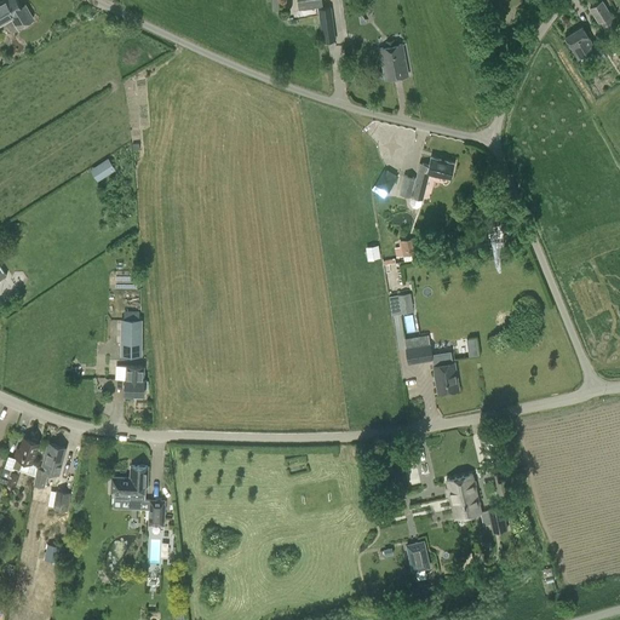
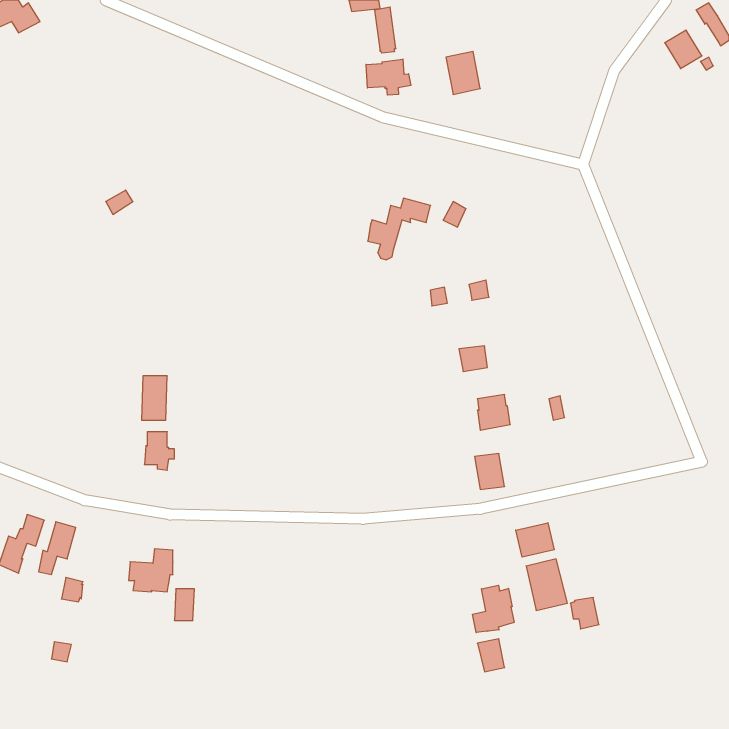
building: none -> [366,59,411,95]
building: [400,157,453,209] -> [368,198,431,260]
building: [432,363,458,394] -> [475,454,505,489]
building: none -> [516,523,554,557]
building: none -> [473,585,514,633]

